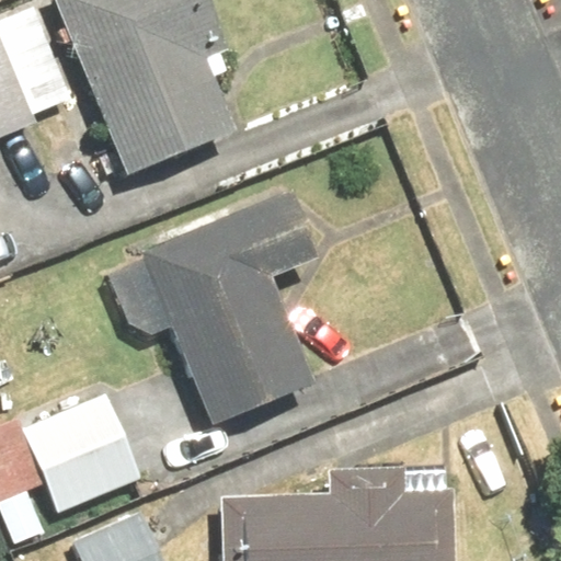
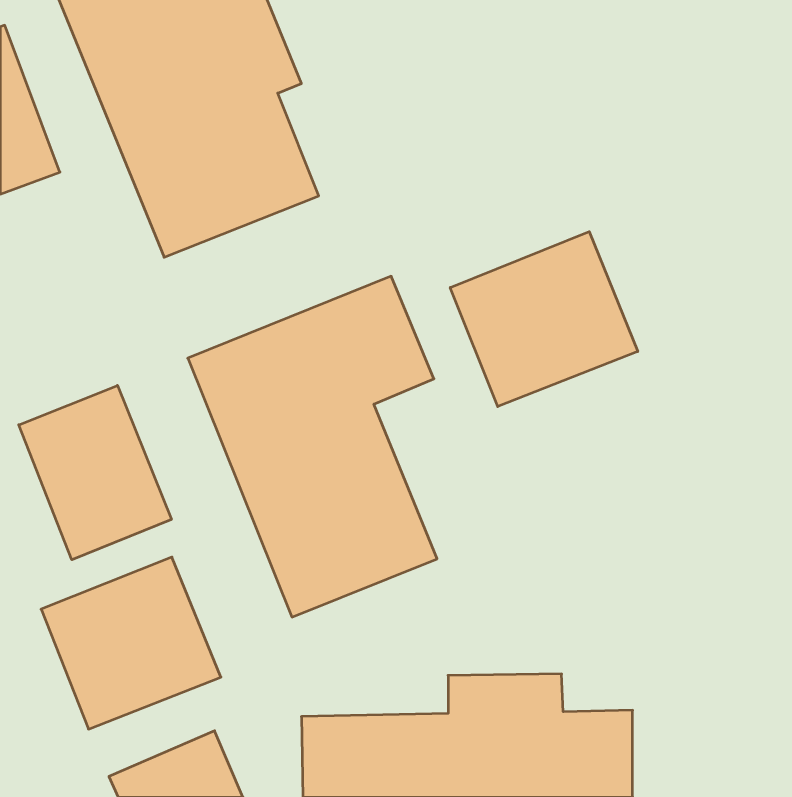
building: none -> [450,232,638,407]
building: none -> [19,385,171,560]

